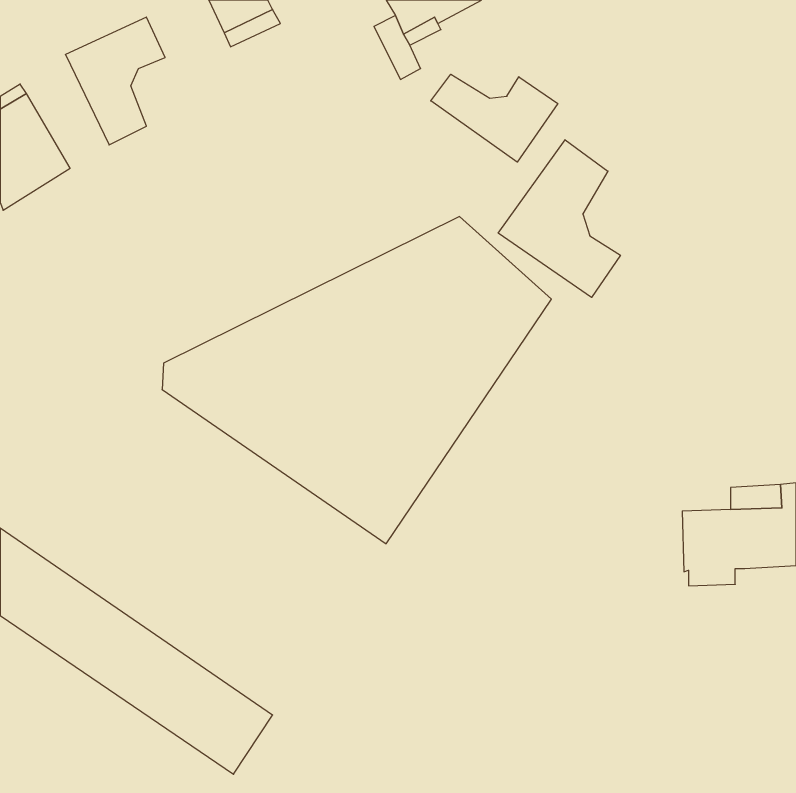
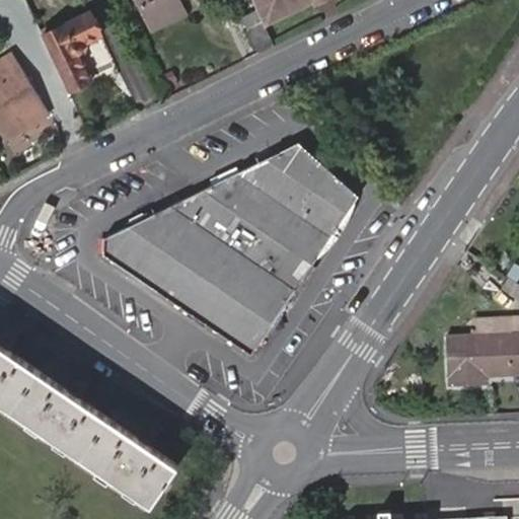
building: [431,74,558,162] -> none
building: [498,140,620,297] -> none

